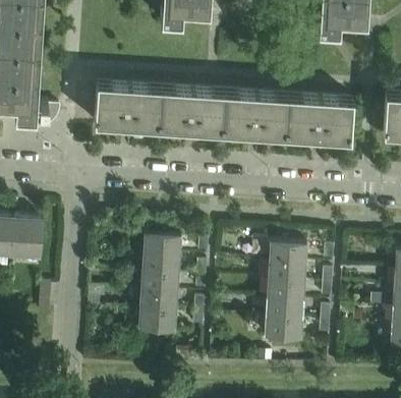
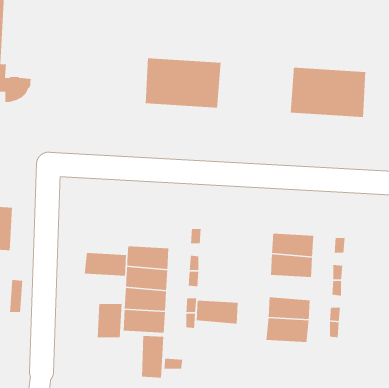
building: [94,88,160,132] -> none
building: [222,96,288,140] -> none
building: [142,237,180,259] -> [84,252,127,277]
building: [267,283,304,304] -> [196,300,239,324]
building: none -> [97,303,123,338]
building: none -> [141,335,164,378]

